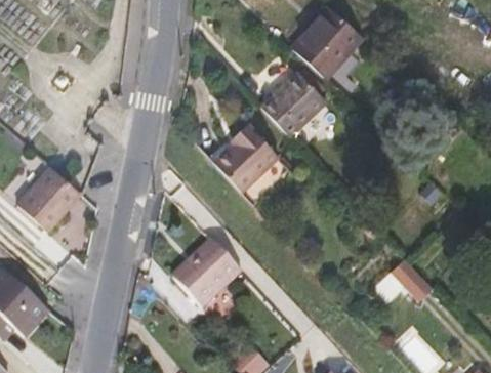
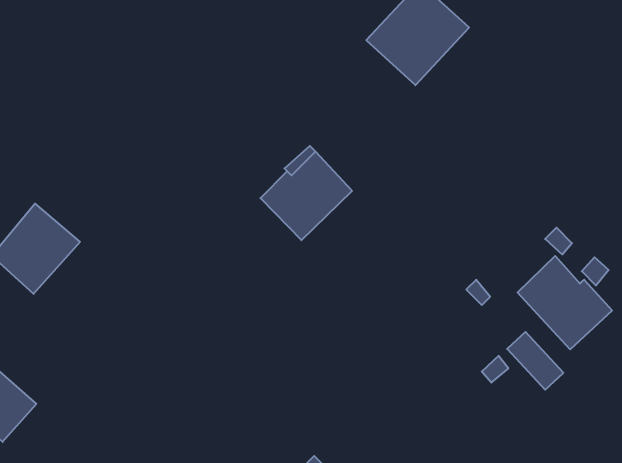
building: [259,68,328,136] -> none
building: none -> [518,256,612,349]
building: [172,237,242,308] -> none

